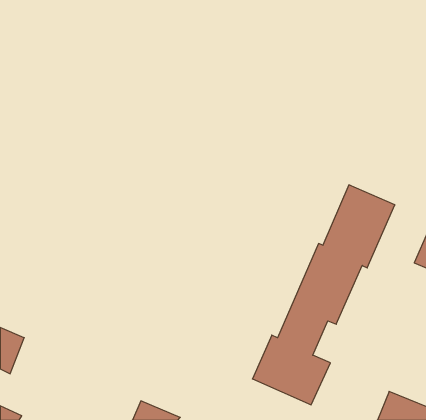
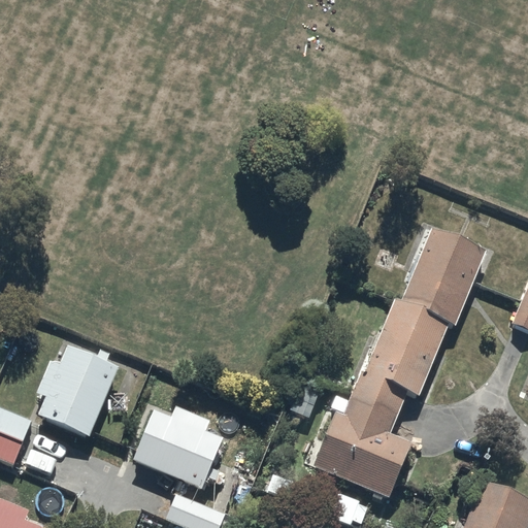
building: none -> [36,349,120,438]
building: none -> [133,406,224,488]

